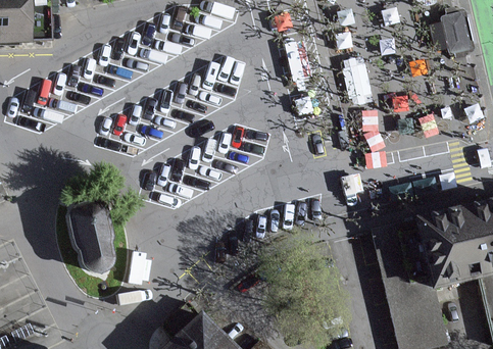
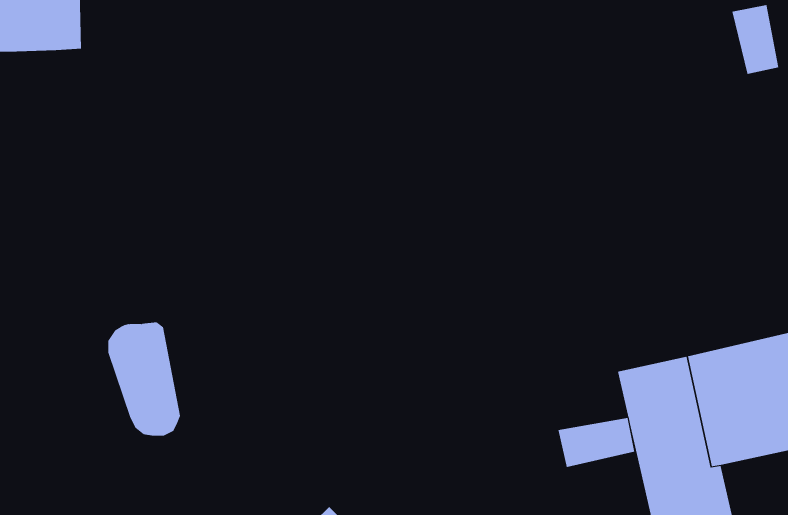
building: none -> [558,417,635,468]

